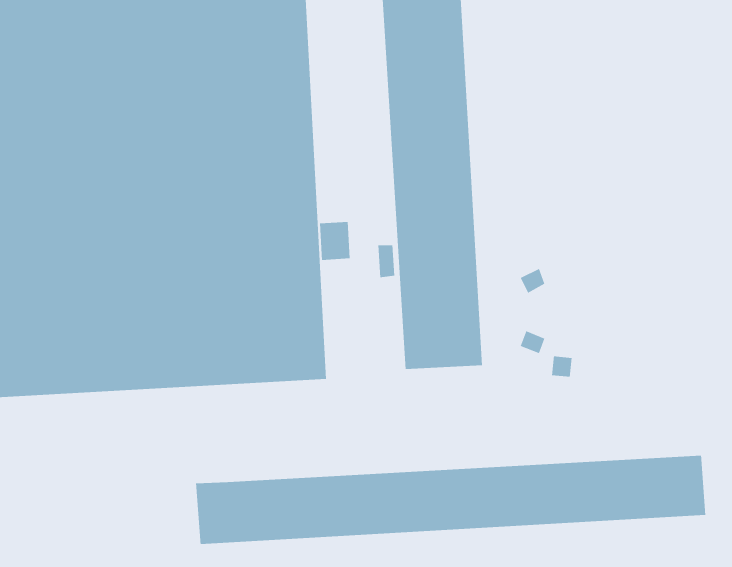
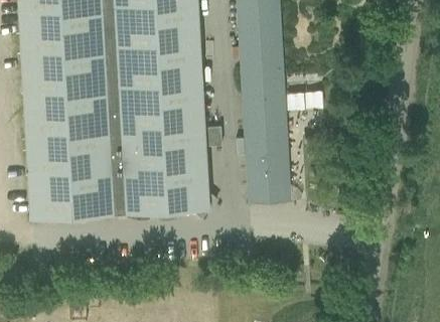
building: [196,455,706,545] -> none

